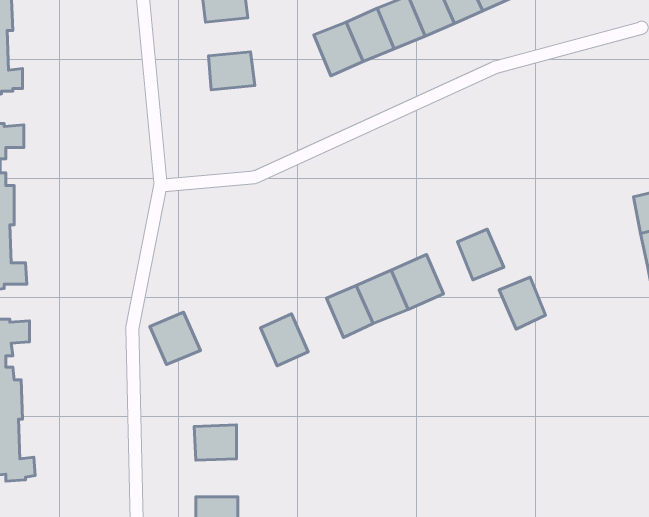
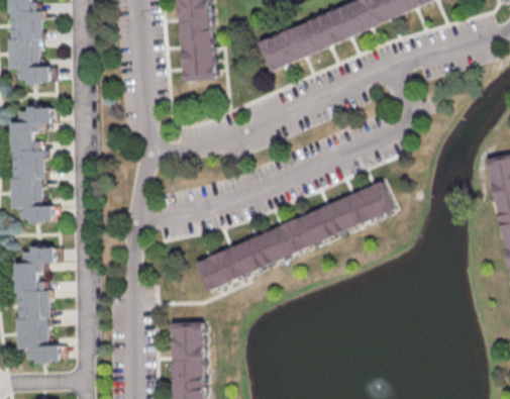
building: none -> [180,29,212,57]
building: [499,277,546,329] -> [338,190,372,227]
building: none -> [241,230,279,269]
building: [150,312,200,364] -> [195,252,231,289]
building: none -> [173,345,203,373]

